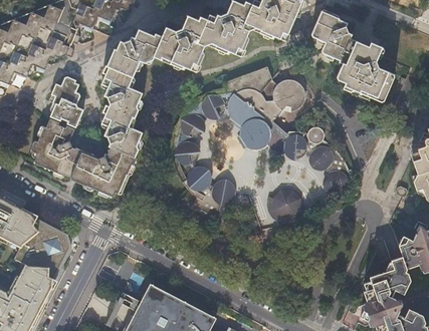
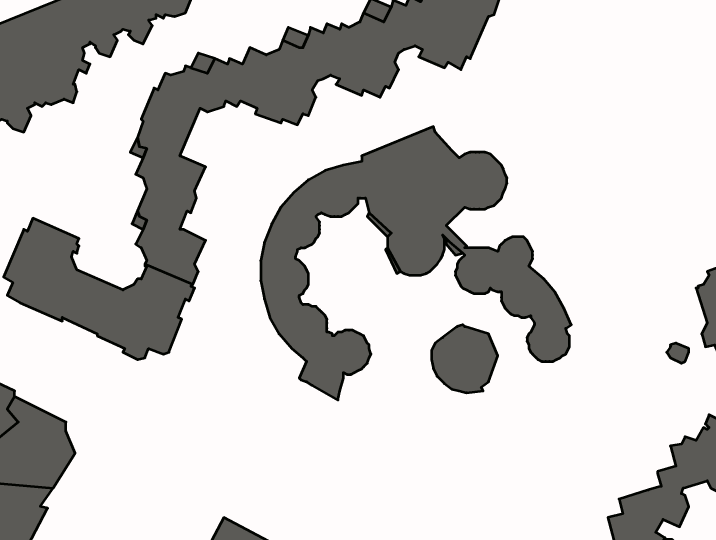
building: [310,10,394,100] -> none
building: [49,76,81,124] -> none

